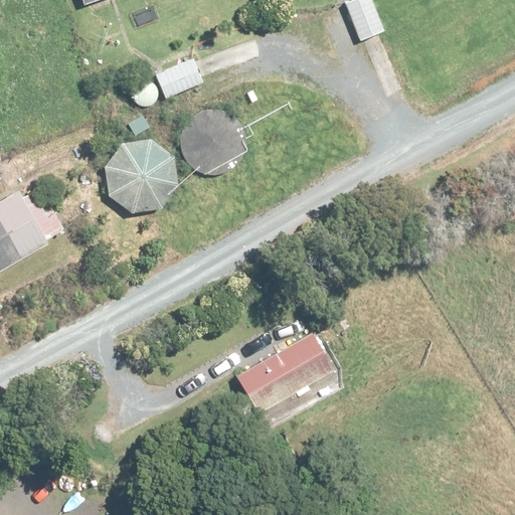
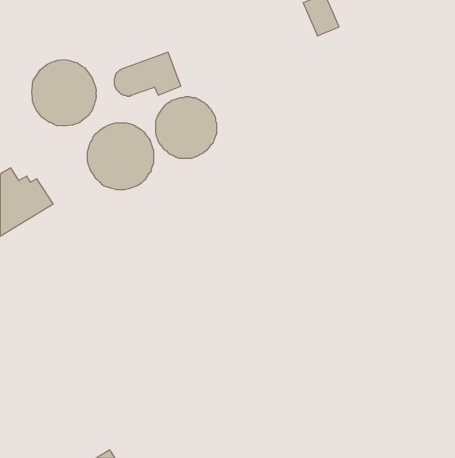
building: none -> [32,60,96,126]
building: [232,334,330,411] -> none

